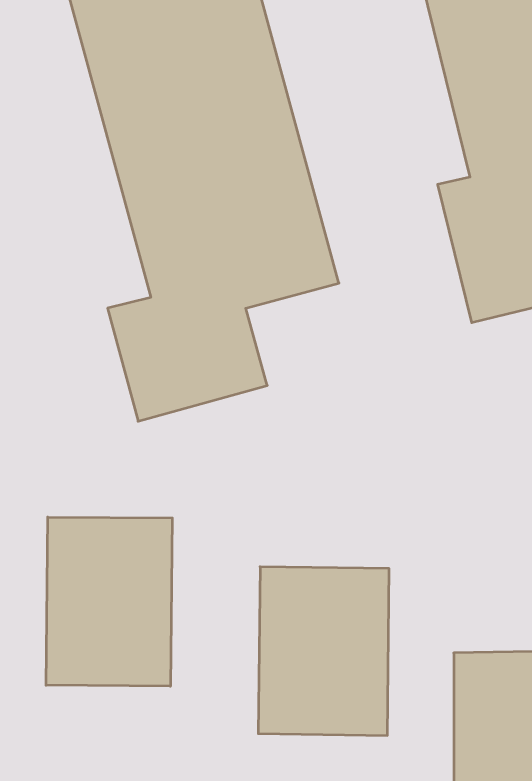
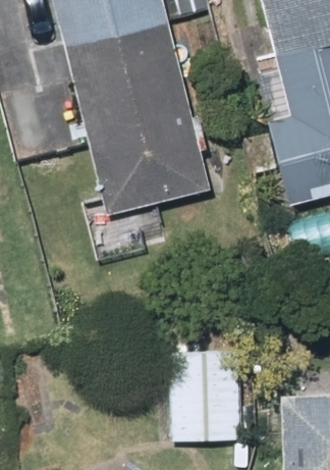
building: [46,517,172,686] -> none

